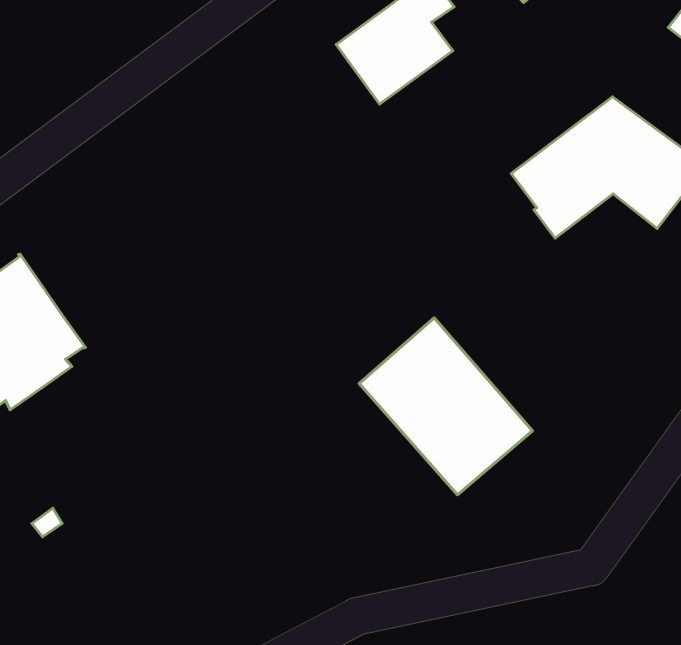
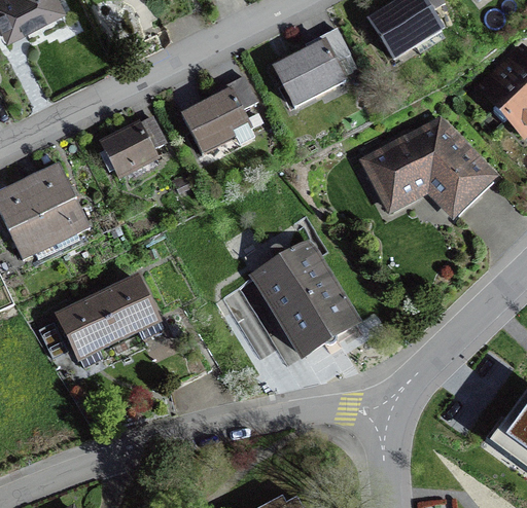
building: none -> [180,74,256,152]
building: none -> [100,115,164,176]
building: none -> [59,277,160,364]

